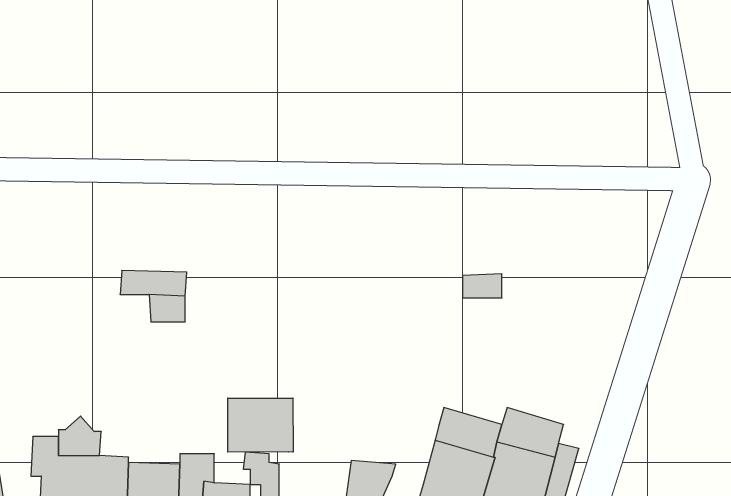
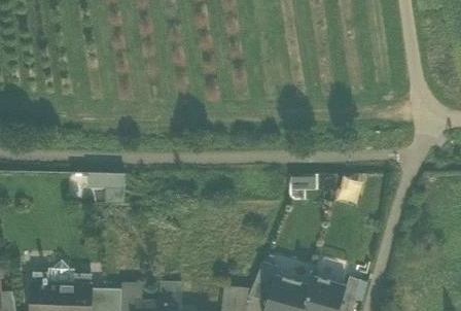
building: [228,398,293,452] -> none
building: none -> [249,263,277,302]

